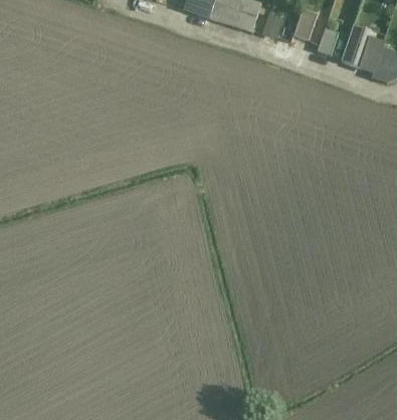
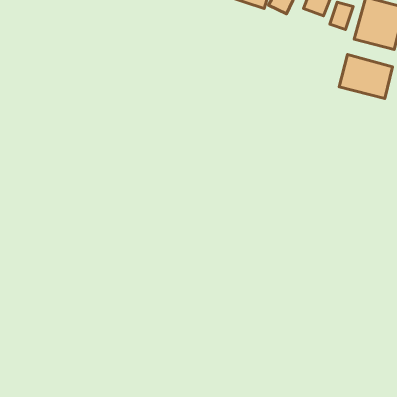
building: none -> [339,55,393,98]

